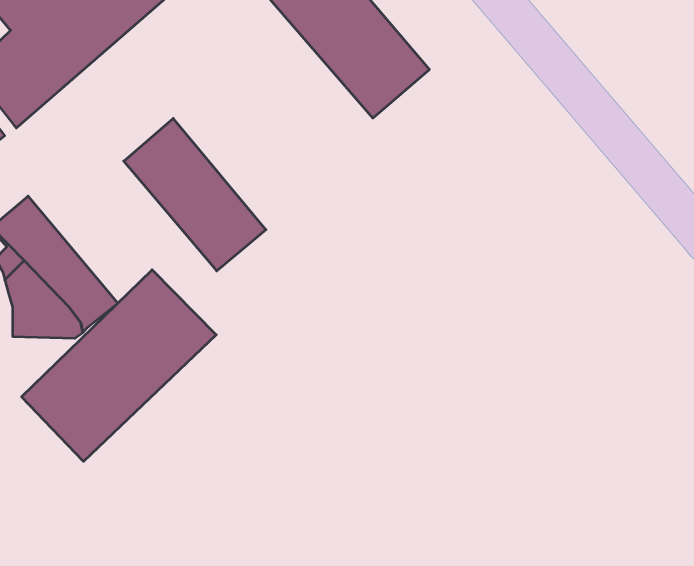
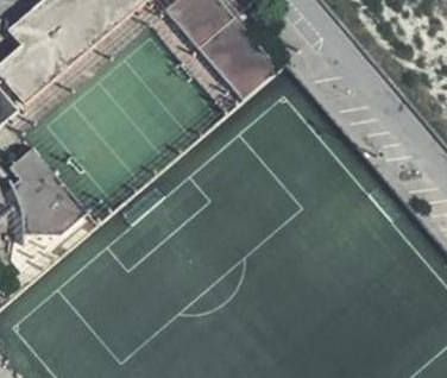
building: [124,118,266,271] -> none
building: [22,270,216,461] -> none

